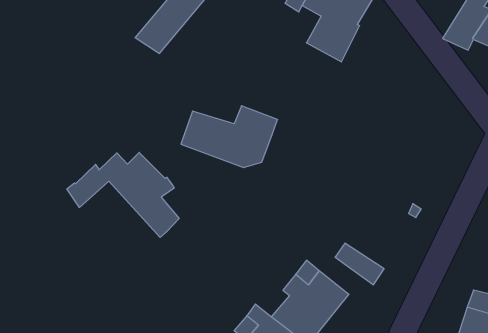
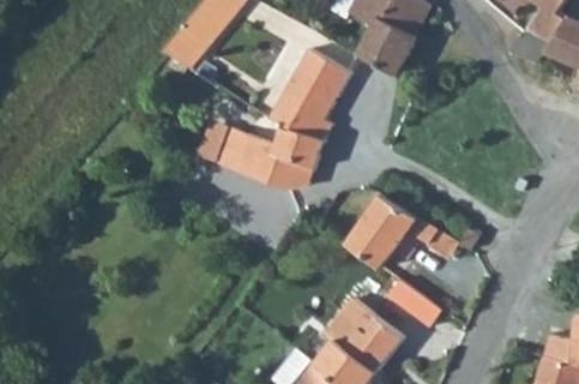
building: none -> [269,49,351,142]
building: [67,152,179,237] -> none
building: none -> [346,196,459,269]

